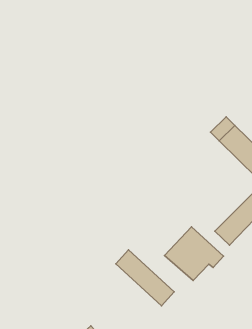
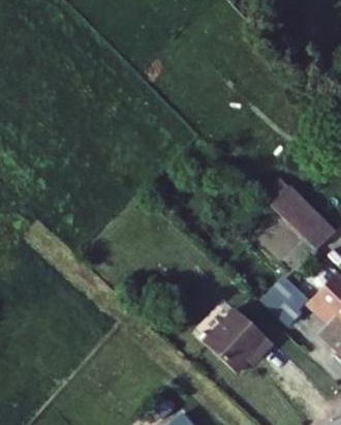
building: [116,250,174,306] -> none

